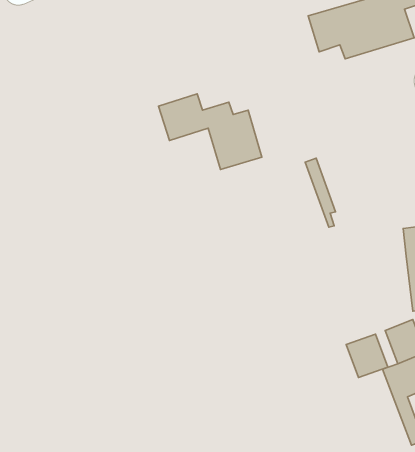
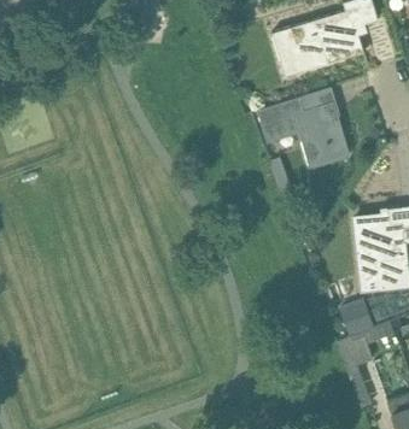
building: [158,94,262,170] -> [258,99,349,165]
building: [346,334,388,378] -> none

